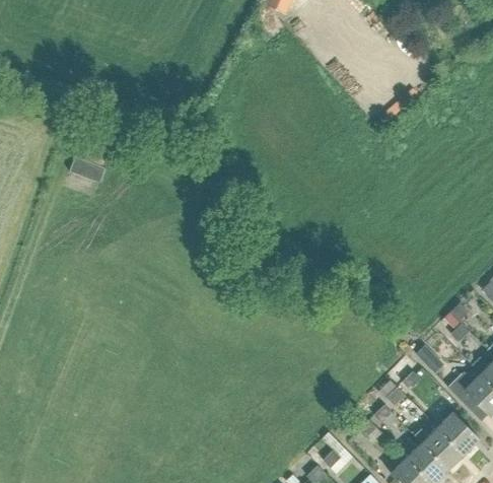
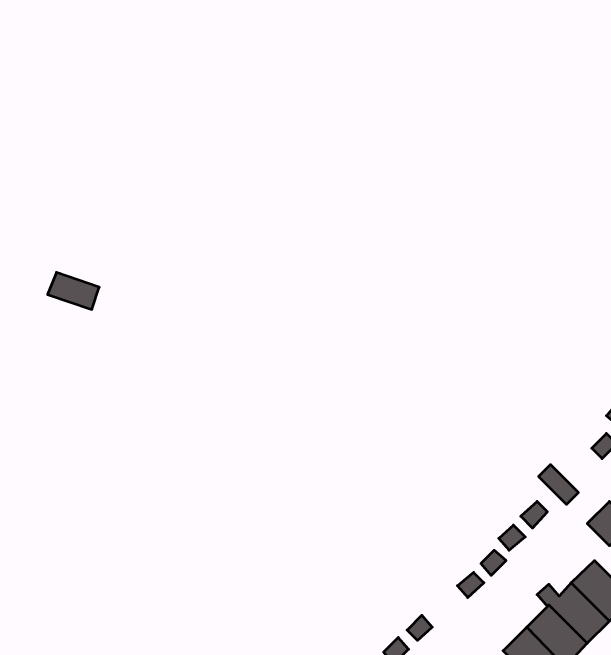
building: [69,156,104,182] -> [48,272,99,309]

